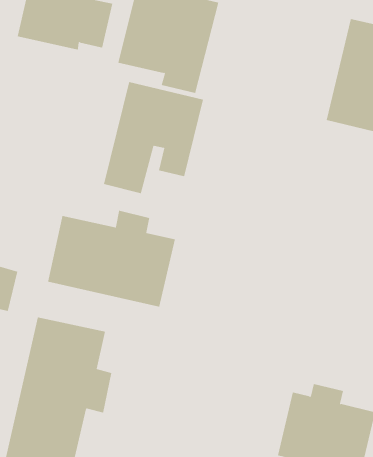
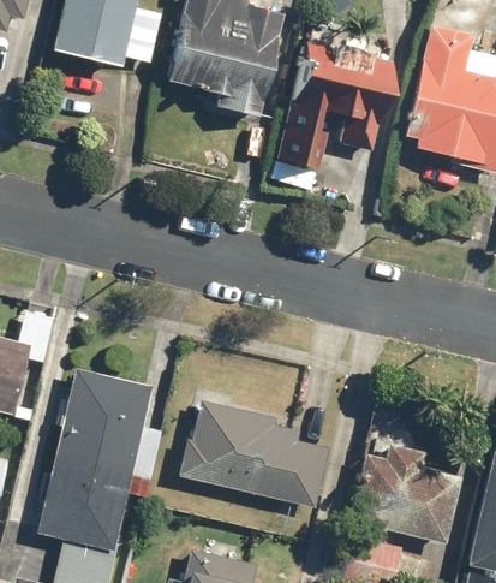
building: [103,82,204,194] -> [277,41,392,168]
building: [48,210,176,308] -> none
building: none -> [177,400,329,510]

